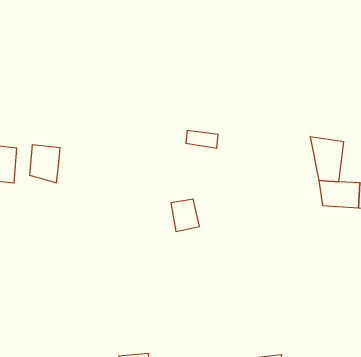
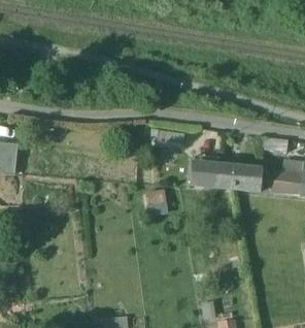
building: [30,145,60,183] -> none
building: none -> [192,167,262,192]

